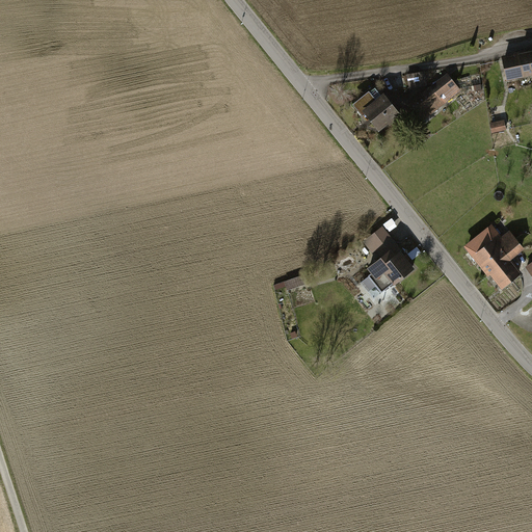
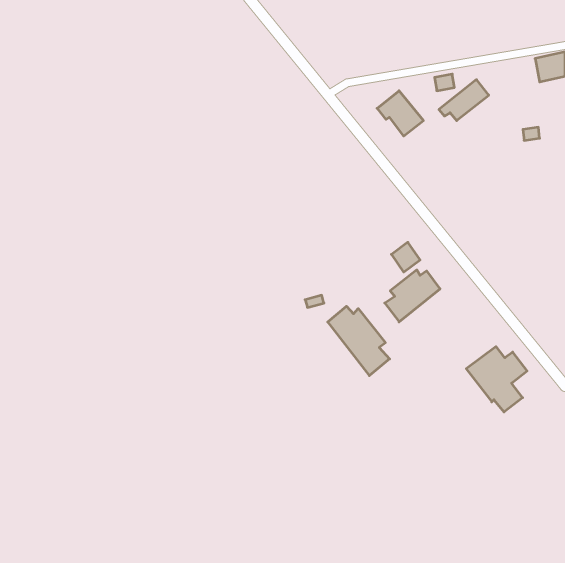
building: [464,225,522,287] -> [466,347,527,412]
building: none -> [328,306,390,376]

